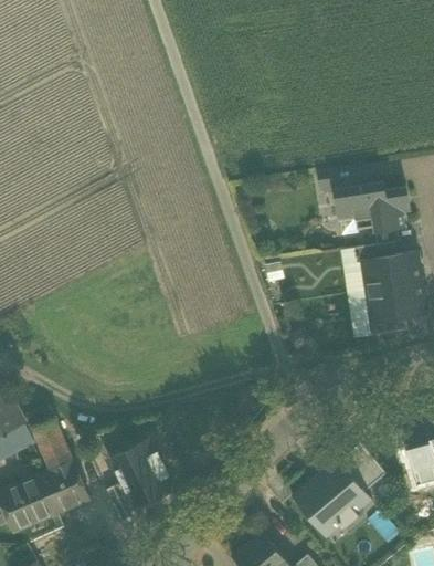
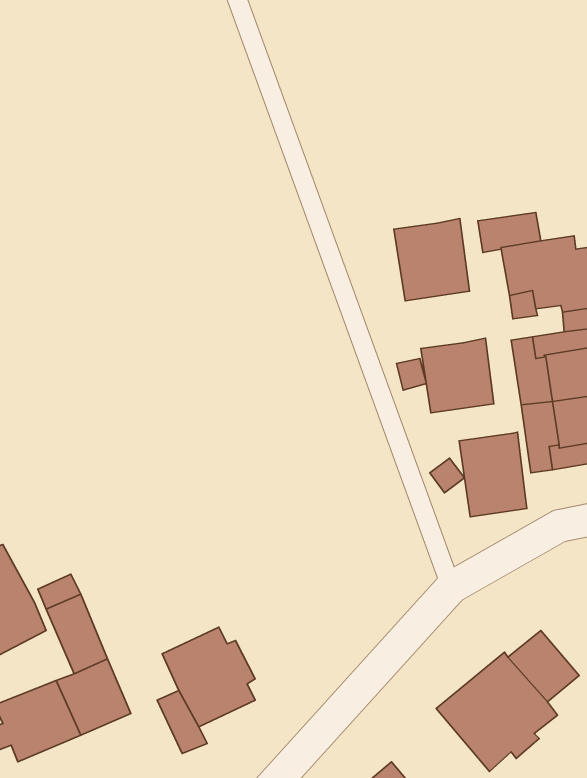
building: none -> [394,218,469,301]
building: none -> [421,338,494,413]
building: none -> [459,432,527,517]

